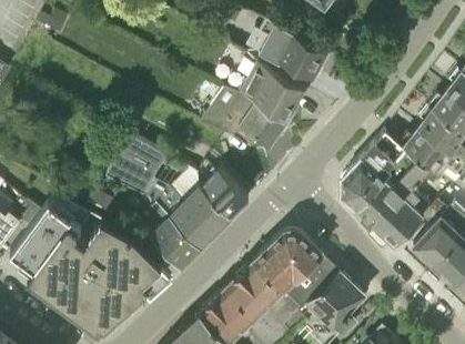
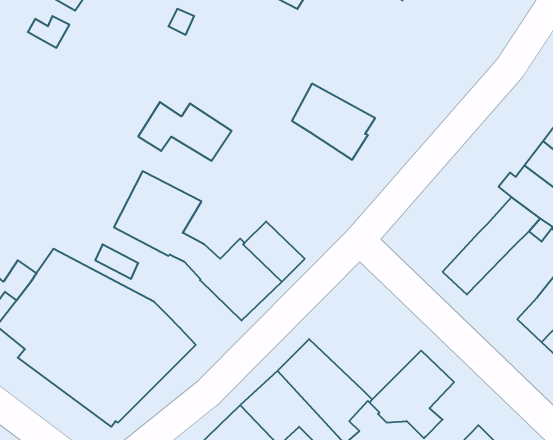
building: [257,19,322,79] -> none
building: [212,102,284,148] -> [138,102,232,161]
building: [341,135,407,211] -> none
building: [373,191,422,247] -> none
building: [148,217,199,267] -> none
building: [251,232,337,310] -> none

